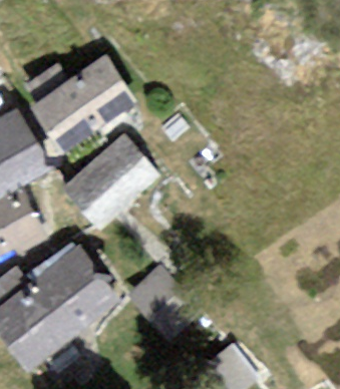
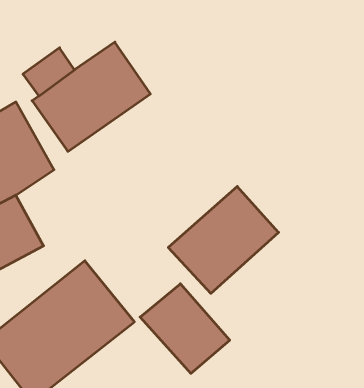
building: [59,134,155,228] -> [168,186,279,293]

